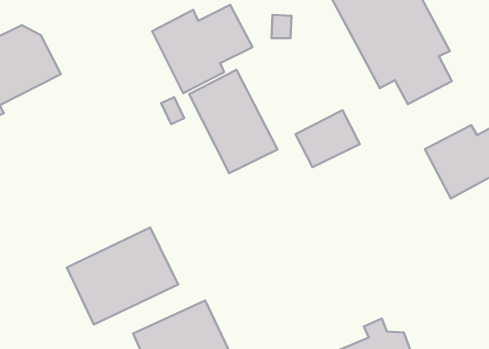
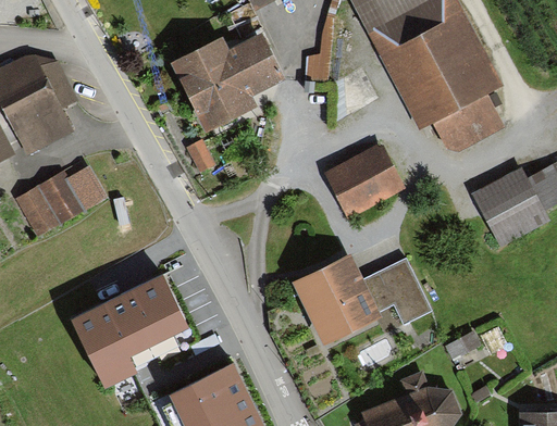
building: [189,70,277,173] -> none
building: none -> [18,173,102,235]
building: none -> [288,243,425,337]

